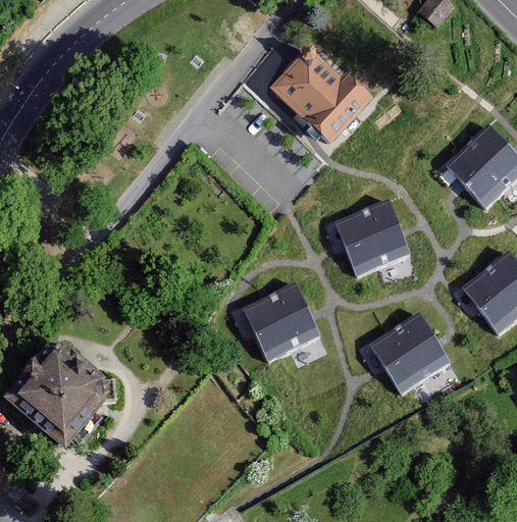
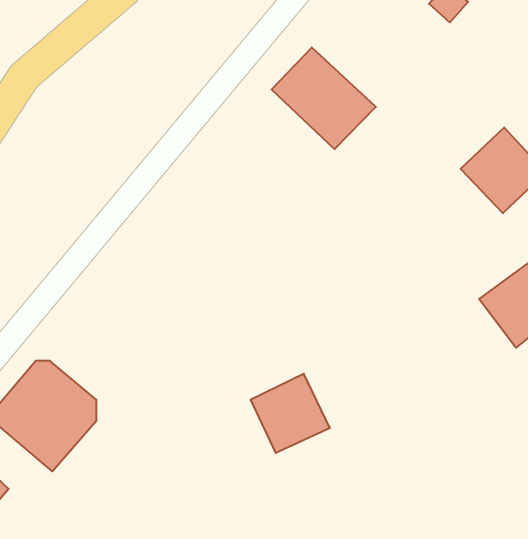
building: [335,201,408,272] -> none
building: [245,283,319,358] -> [251,374,330,453]
building: [372,315,449,390] -> none

